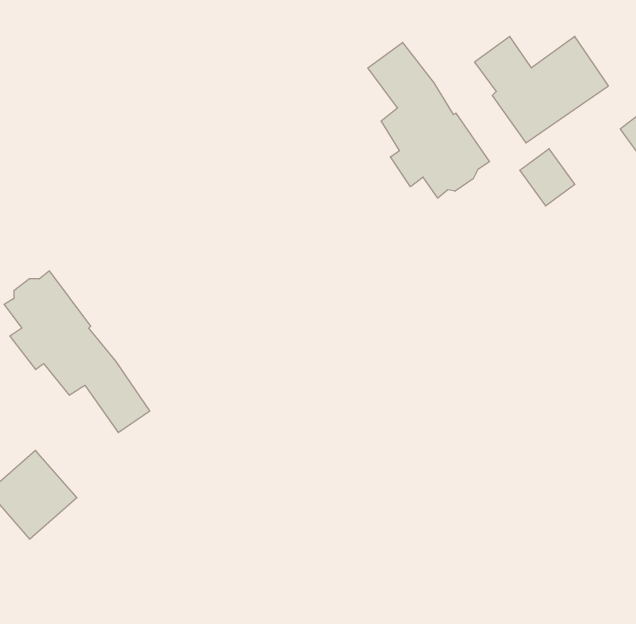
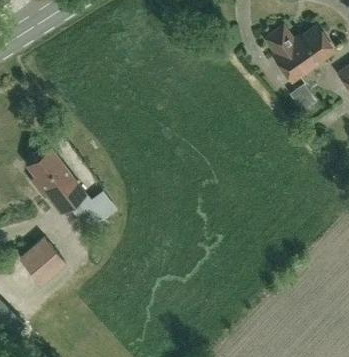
building: [368,42,490,198] -> none

